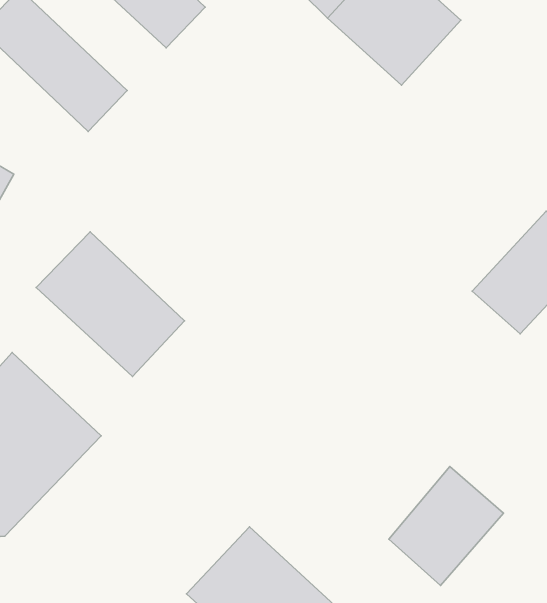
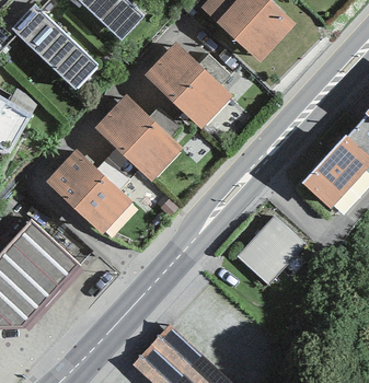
building: none -> [143,42,232,129]
building: none -> [94,94,182,181]
building: [389,467,504,585] -> [237,214,304,285]

